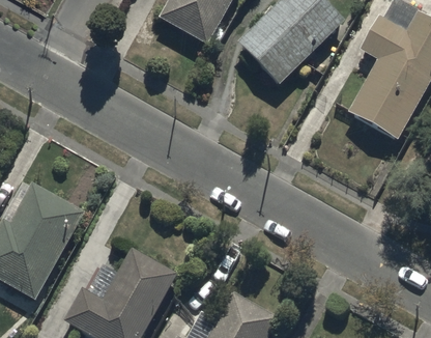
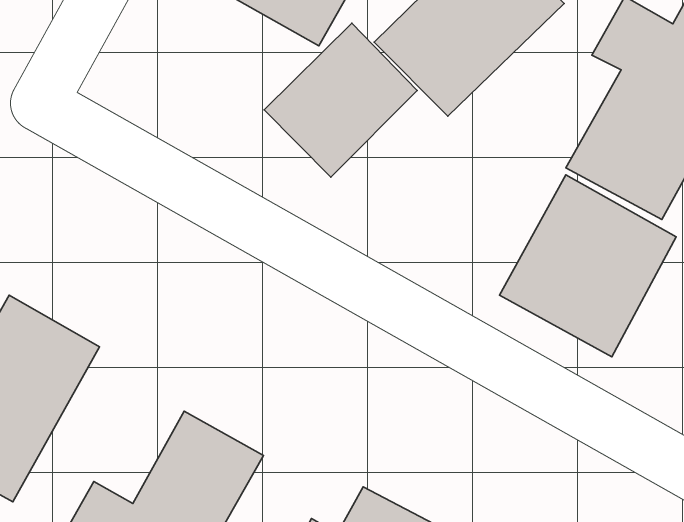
building: none -> [264,23,417,177]
building: none -> [499,175,676,357]

